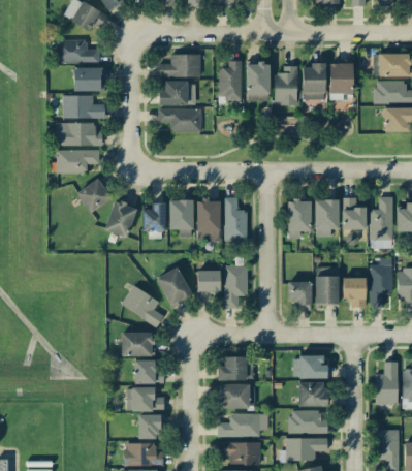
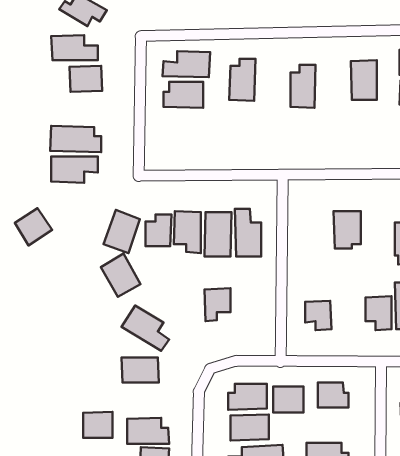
building: [247,63,270,101] -> none
building: [303,64,325,99] -> none
building: [63,95,106,119] -> none
building: [159,108,201,132] -> none
building: [77,179,112,213] -> [15,208,52,246]
building: [342,197,367,229] -> none
building: [288,198,311,238] -> none
building: [224,265,248,308] -> none
building: [156,266,192,306] -> [101,254,141,297]
building: [315,266,339,305] -> none
building: [134,359,161,383] -> [83,412,113,438]
building: [298,382,326,406] -> [273,386,304,412]

